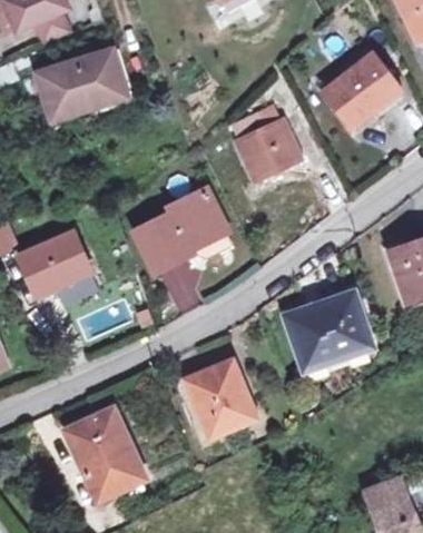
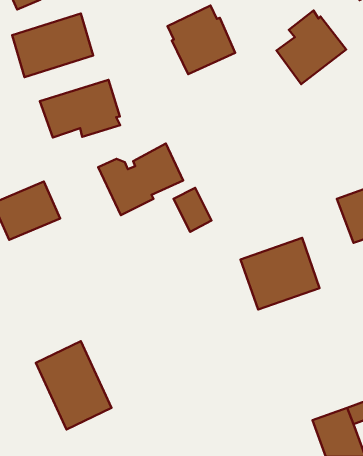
building: [229,106,303,180] -> [168,6,235,74]
building: none -> [40,80,120,137]
building: [161,266,203,314] -> [174,188,212,232]
building: [184,359,253,438] -> none

